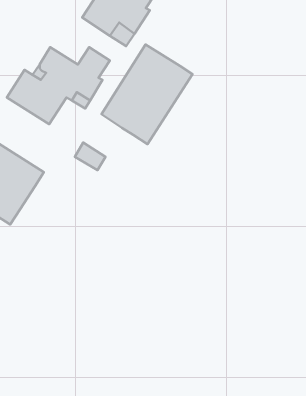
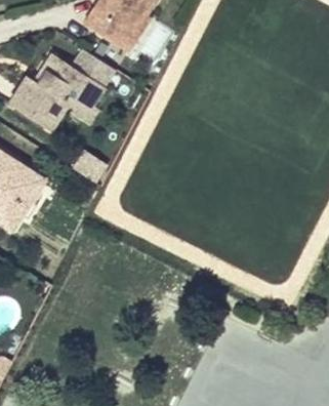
building: [101,45,193,144] -> none

